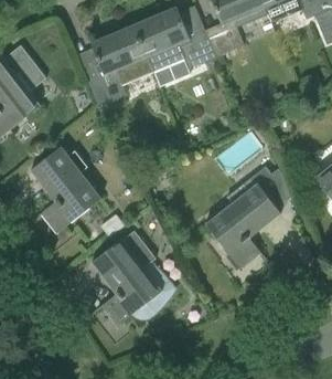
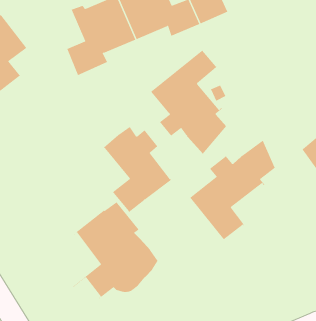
building: none -> [148,48,227,154]
building: [33,148,100,233] -> [103,126,172,212]

